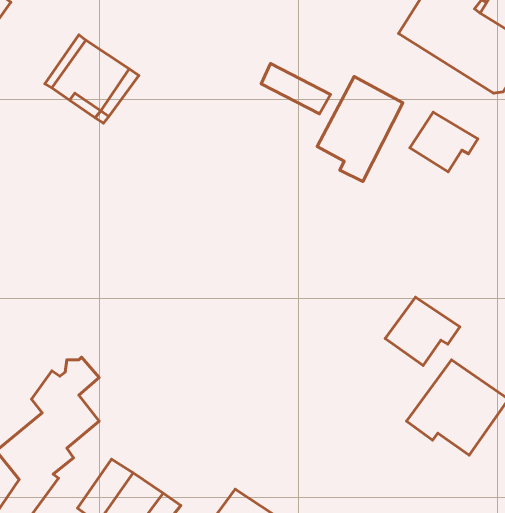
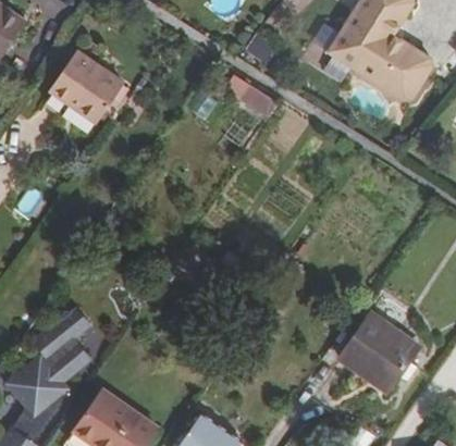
building: [317,76,403,181] -> none
building: [410,112,478,172] -> none
building: [385,297,460,365] -> none

